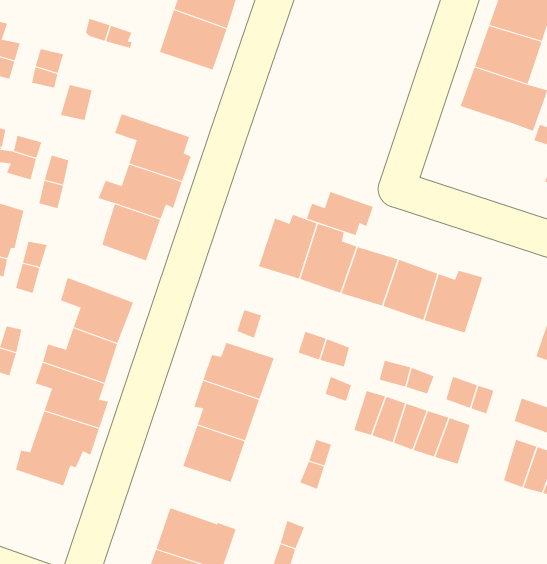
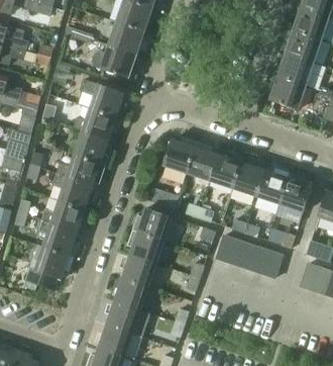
building: none -> [91,45,137,79]
building: none -> [267,76,306,110]
building: [306,191,373,236] -> none
building: none -> [56,154,100,186]
building: none -> [279,172,311,211]
building: none -> [113,278,147,310]

